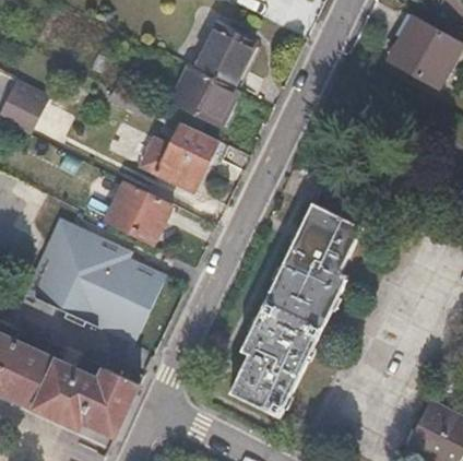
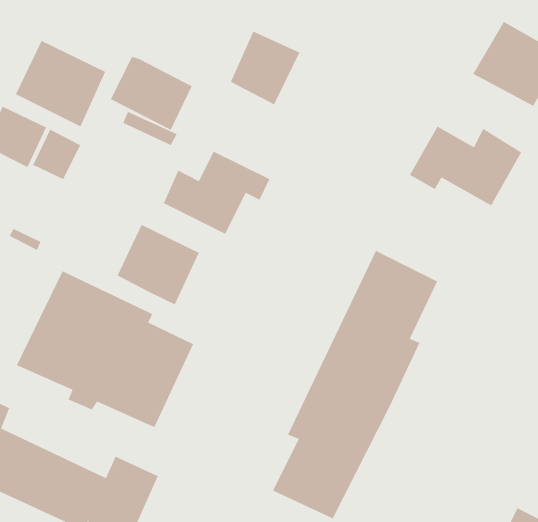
building: none -> [15,40,106,127]
building: [171,64,238,125] -> [110,56,193,131]
building: none -> [409,126,522,207]

